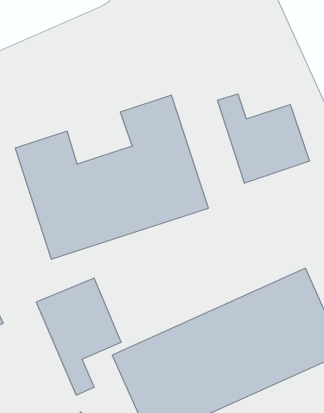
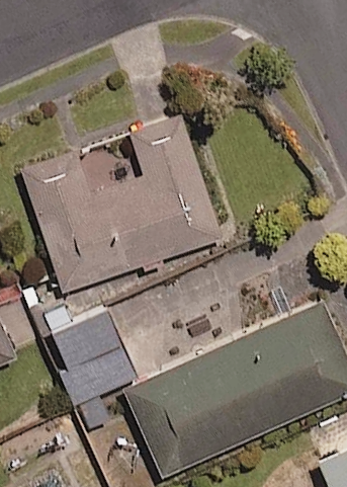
building: [217,94,309,183] -> none

